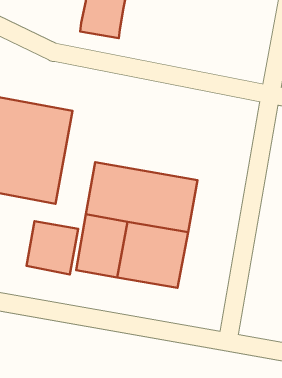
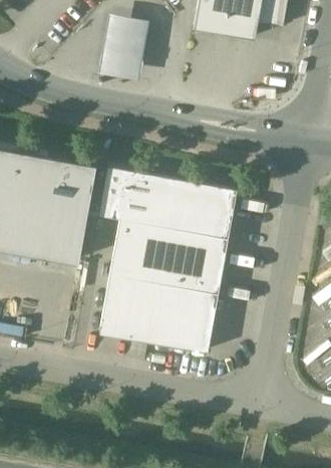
building: none -> [98,166,237,238]
building: [26,221,78,274] -> none

